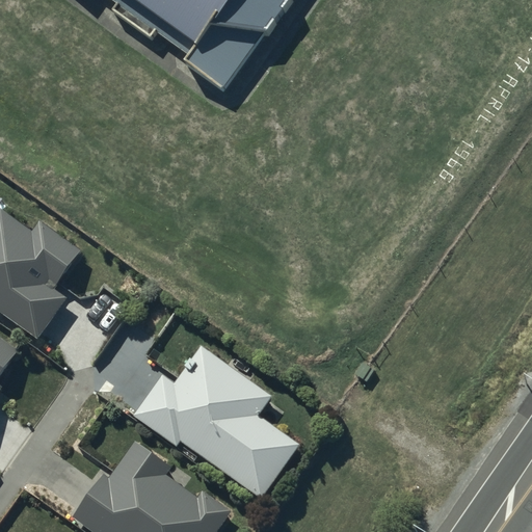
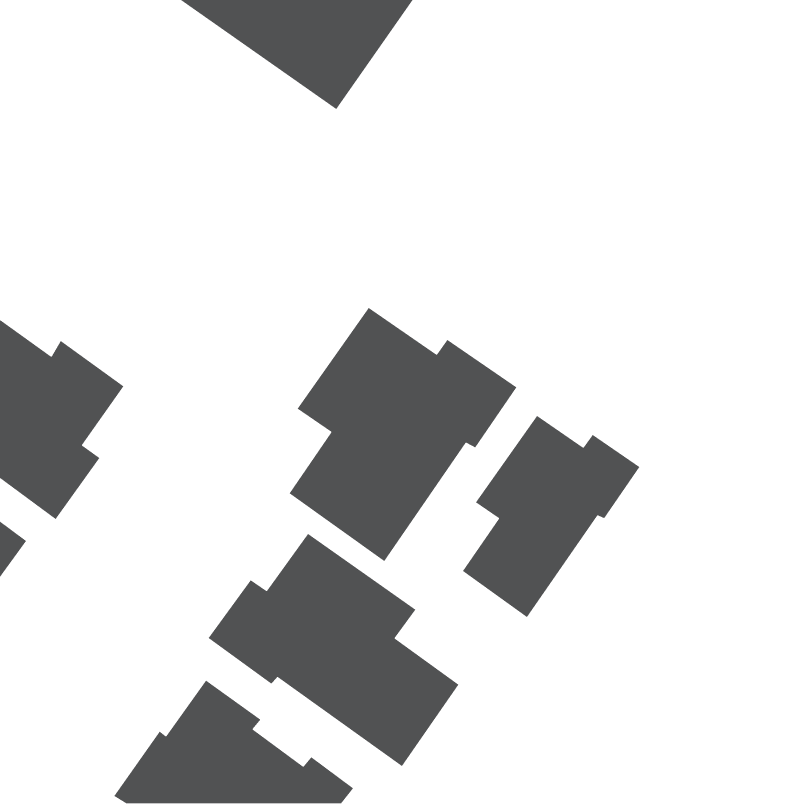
building: none -> [289,307,517,562]
building: none -> [462,415,640,618]

